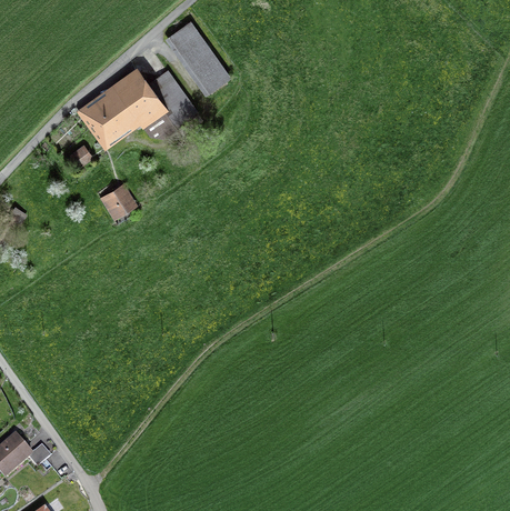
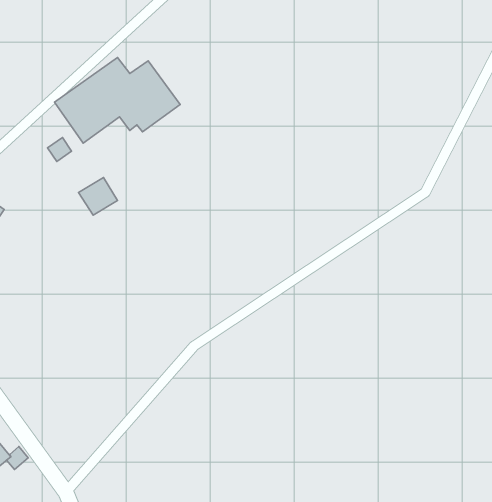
building: [166,17,231,93] -> none

